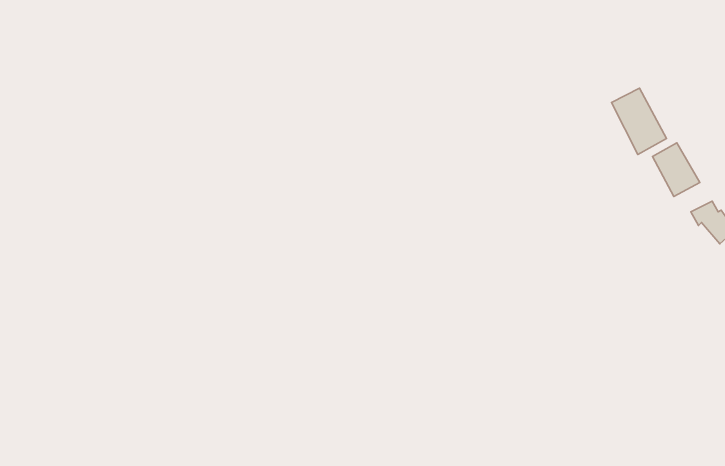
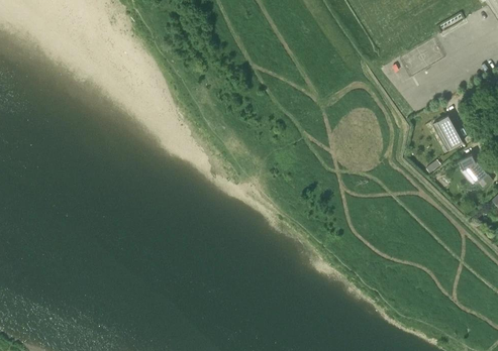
building: [611,88,667,154] -> none

